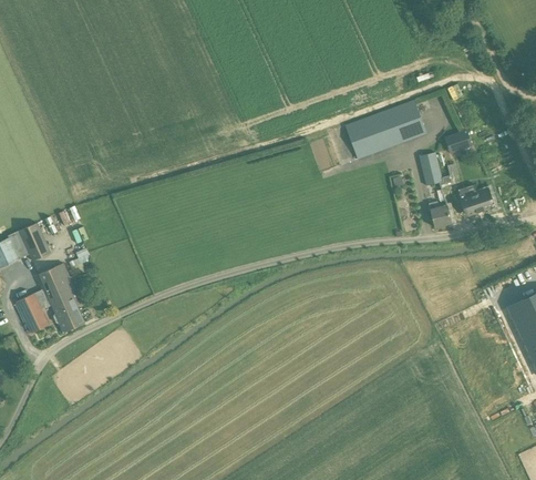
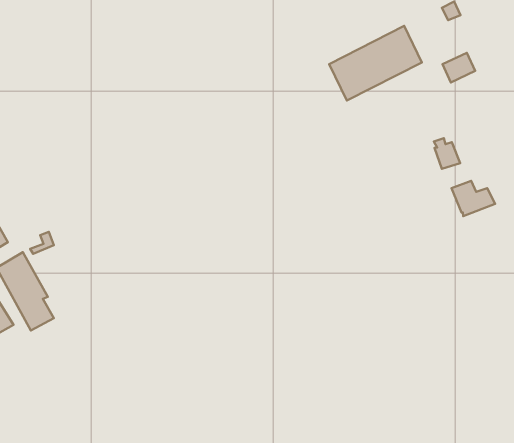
building: [419,151,442,184] -> none
building: [455,186,492,216] -> [451,181,495,216]

